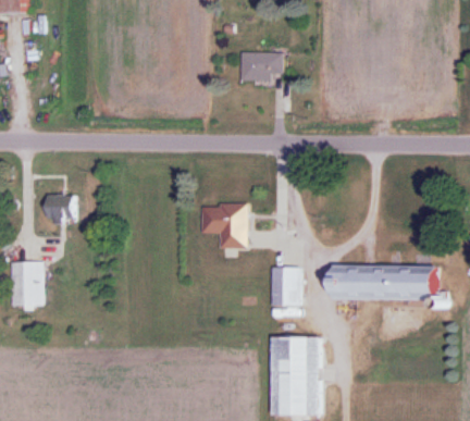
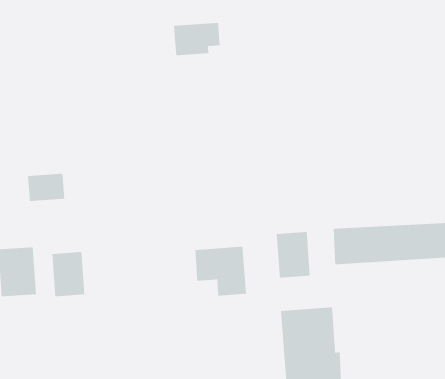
building: [240,52,283,81] -> [173,22,220,56]
building: [201,203,247,248] -> [194,246,247,296]
building: none -> [52,251,85,297]

